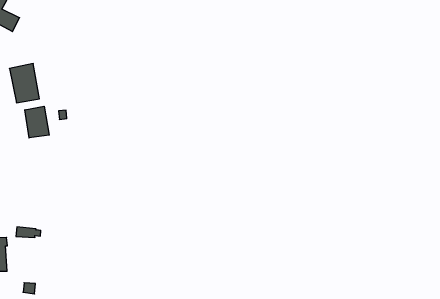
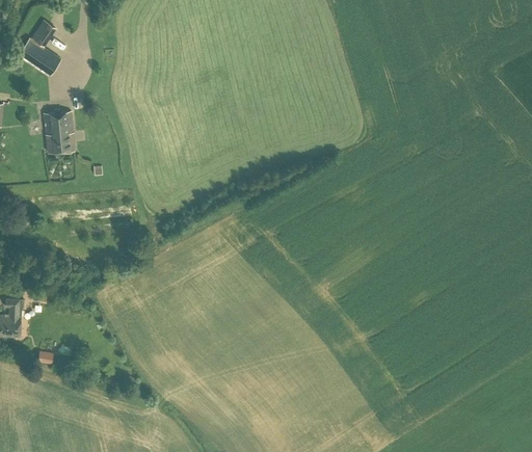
building: [25,106,49,138] -> none

